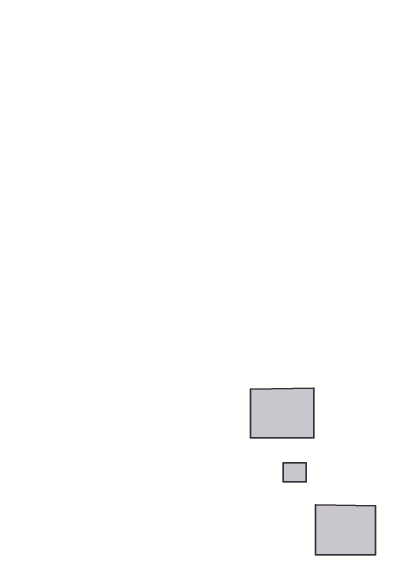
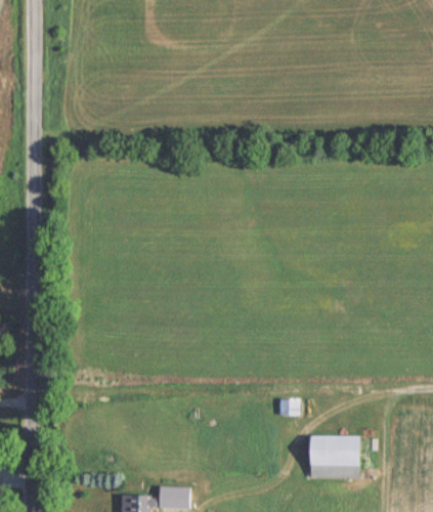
building: [251,388,314,438] -> none

